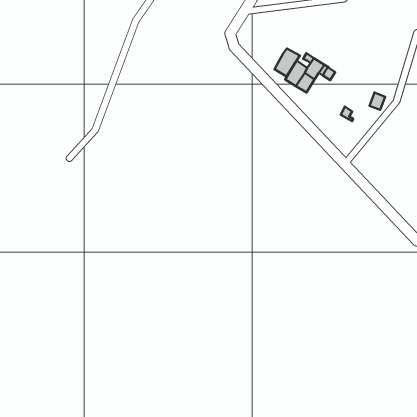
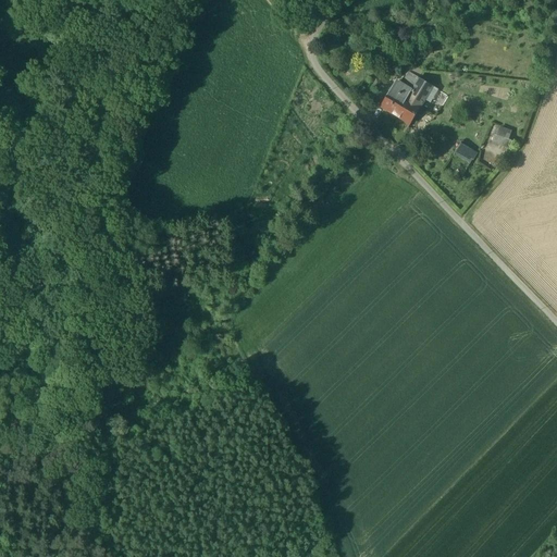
building: [275,48,300,77] -> none

